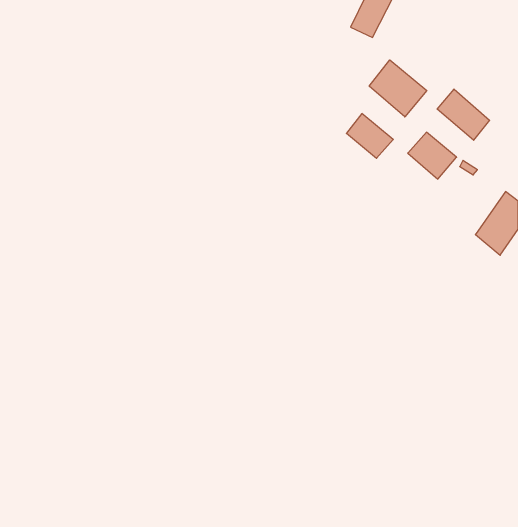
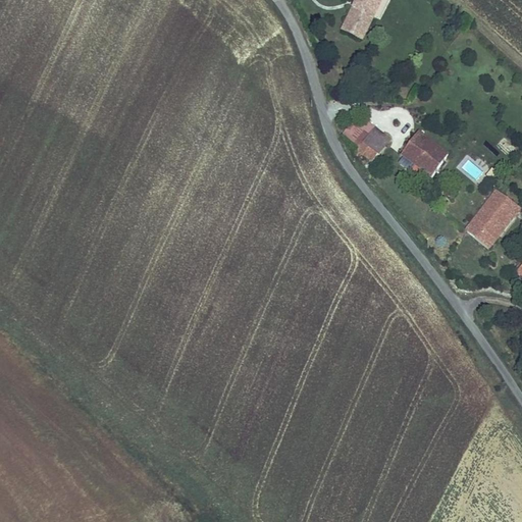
building: [369,60,427,117] -> none
building: [437,89,490,140] -> none

